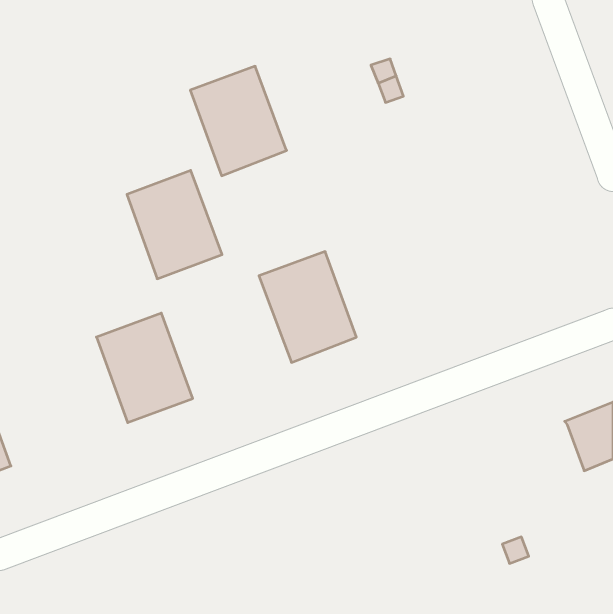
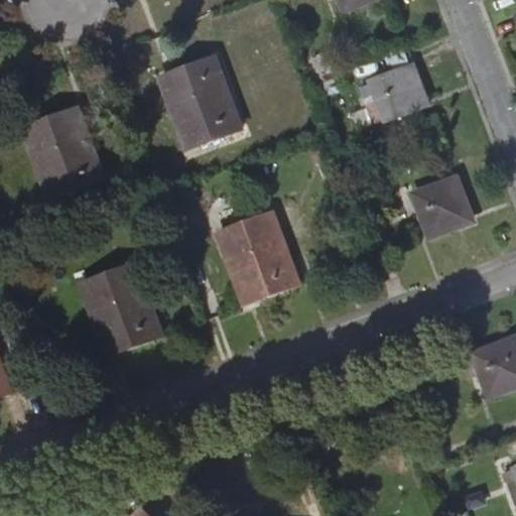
building: none -> [370,62,428,118]
building: [127,170,222,279] -> [23,107,103,198]
building: none -> [414,177,471,234]

